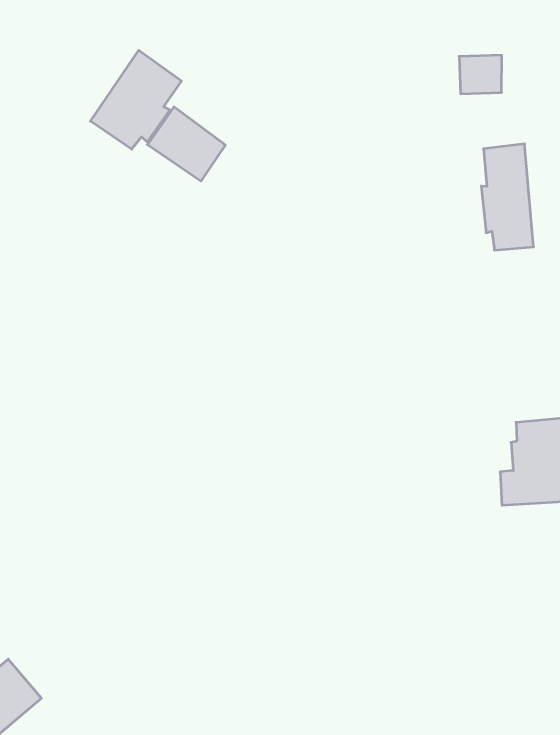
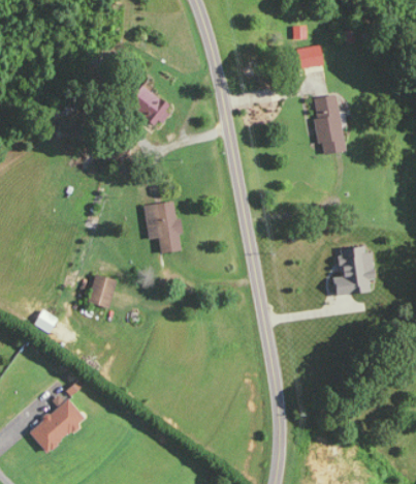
building: [90,50,181,149] -> none
building: none -> [143,201,183,252]
building: none -> [87,274,117,307]

